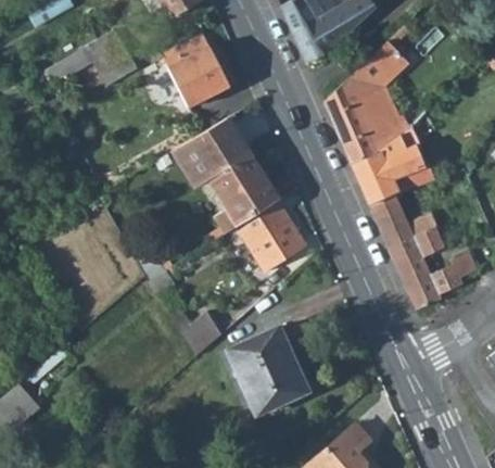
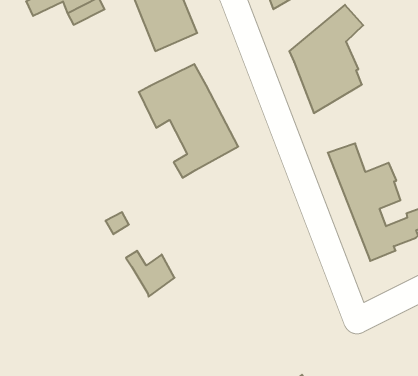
building: [352,125,435,200] -> none
building: [237,199,307,273] -> none
building: [227,327,302,415] -> none

